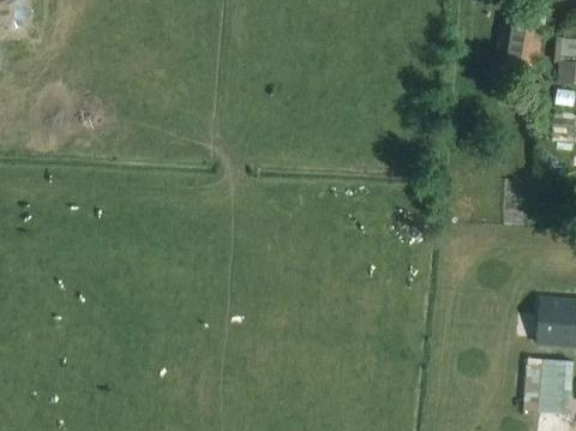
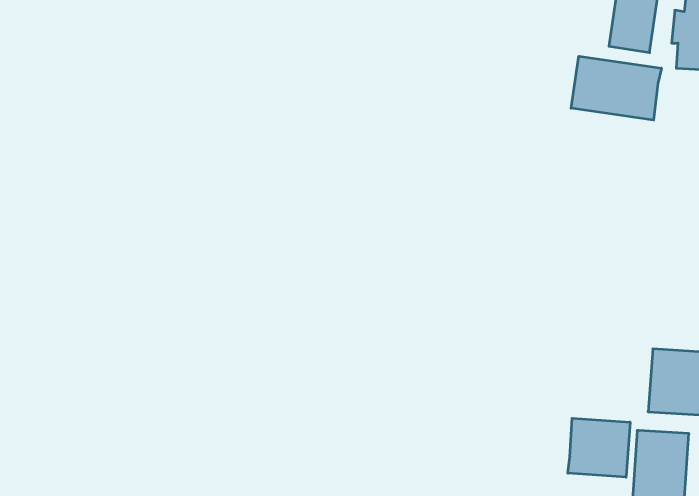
building: none -> [571,56,661,120]
building: none -> [568,418,630,477]

